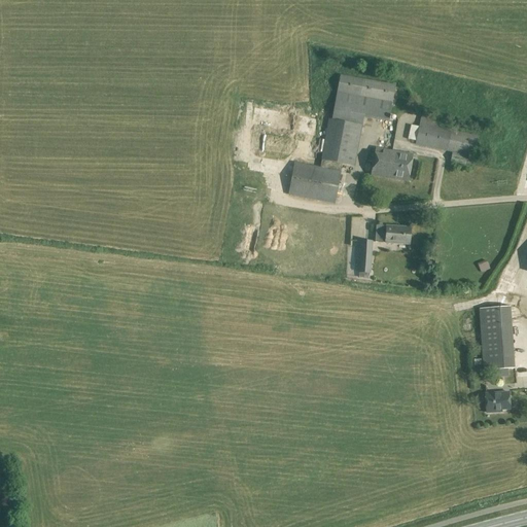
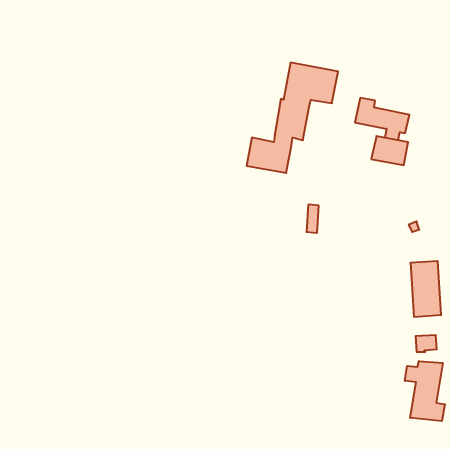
building: [370,146,413,180] -> [371,136,408,165]
building: [375,223,411,243] -> none
building: none -> [405,361,445,421]

